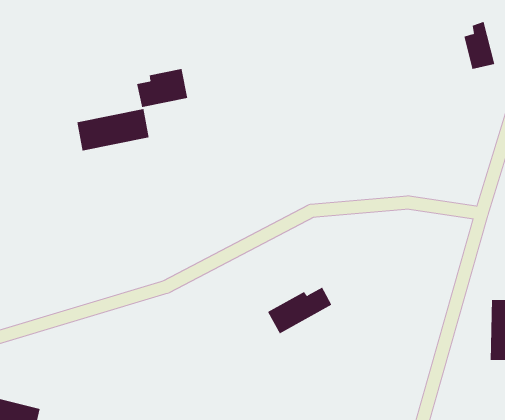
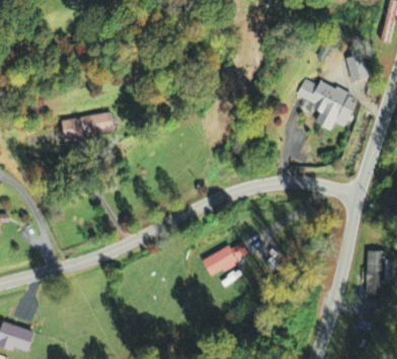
building: none -> [295,78,359,129]
building: [137,68,188,108] -> none

